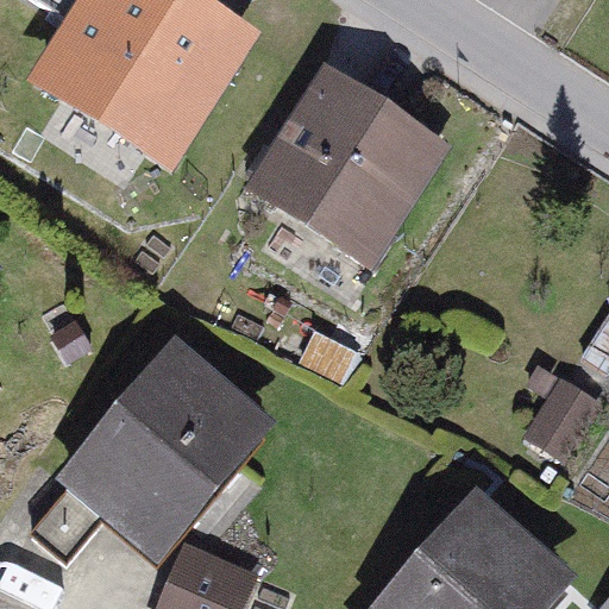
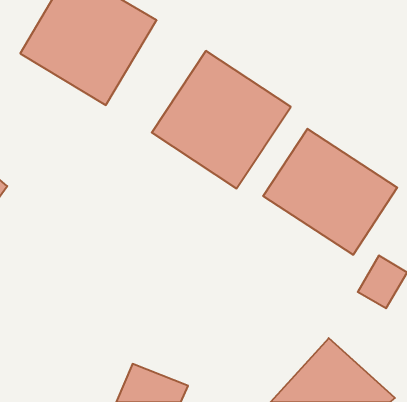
building: none -> [263,129,397,255]
building: [63,345,276,566] -> none

